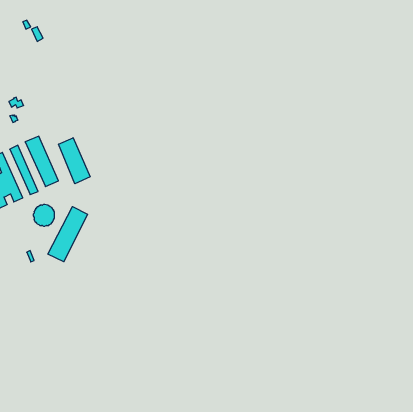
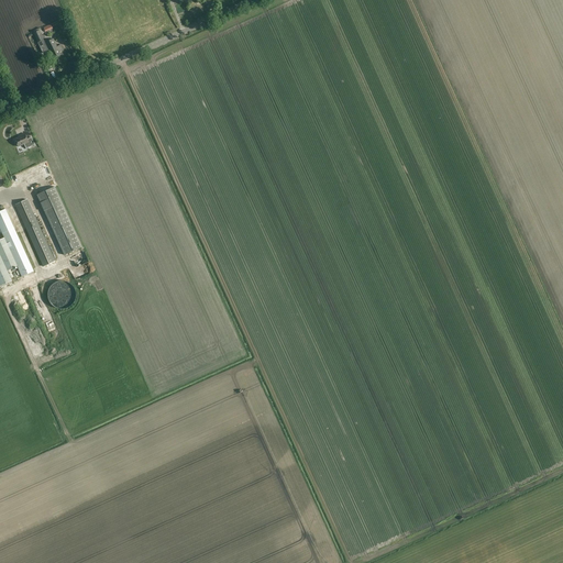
building: [59,138,90,184] -> none
building: [48,207,88,262] -> none

